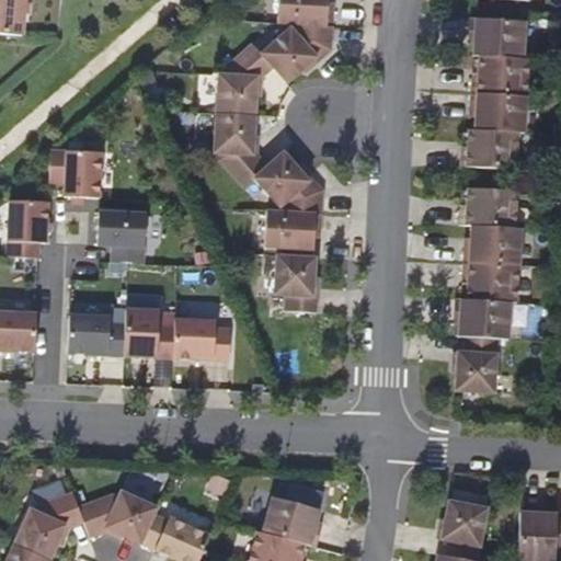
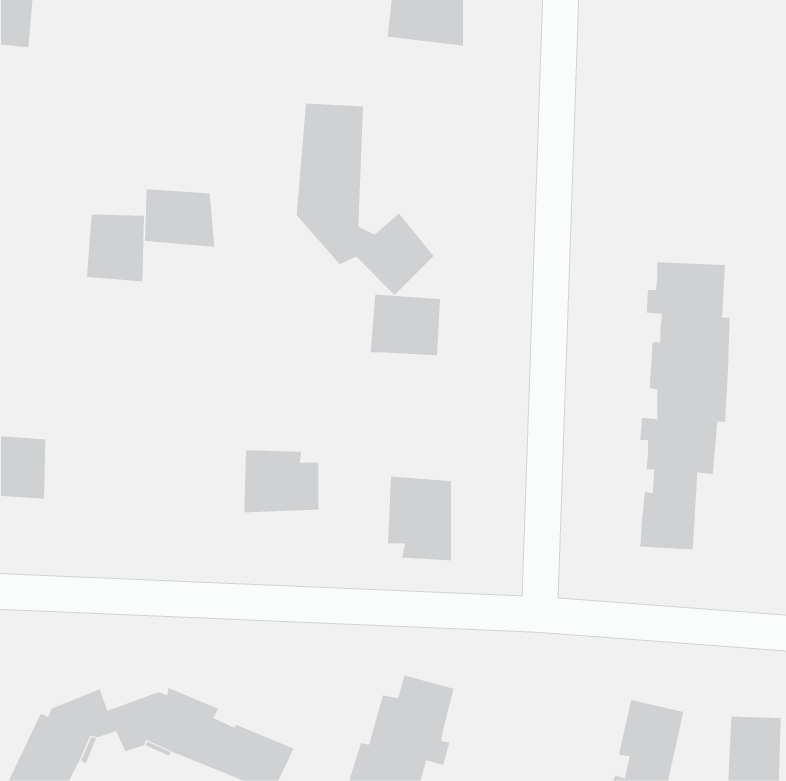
building: [460,15,527,168] -> none
building: [262,33,333,85] -> none
building: [7,199,49,263] -> none
building: [94,209,145,251] -> [144,189,215,247]
building: [273,251,319,311] -> [387,476,452,561]
building: [68,301,124,359] -> none
building: [127,310,170,362] -> none

